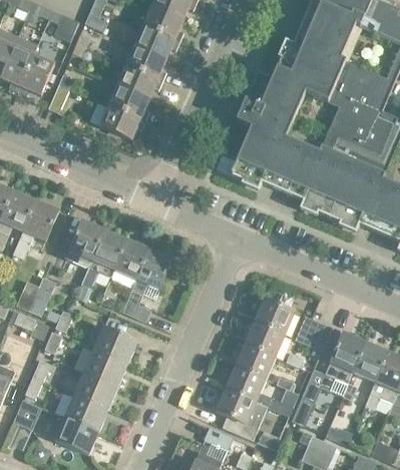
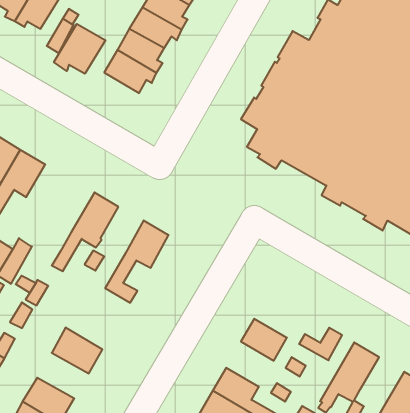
building: none -> [54,24,105,74]
building: [65,219,103,266] -> none
building: [113,239,148,278] -> none
building: [254,298,294,334] -> none
building: [92,325,136,363] -> none
building: [352,341,388,381] -> none
building: [235,342,275,379] -> none
building: [73,371,117,408] -> none

